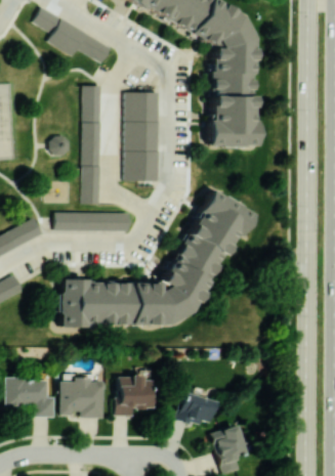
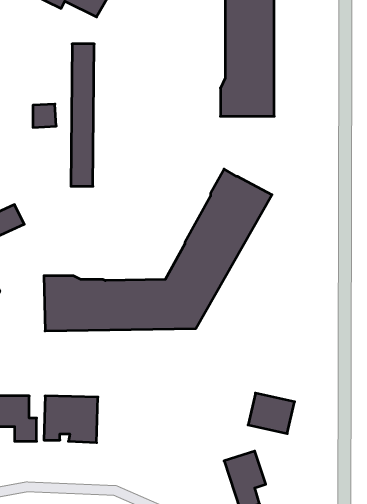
building: [125,92,159,182] -> none
building: [54,212,129,231] -> none
building: [117,377,154,417] -> none
building: [176,393,215,427] -> [248,393,295,434]

